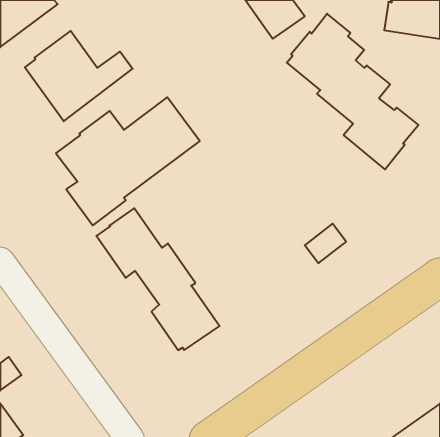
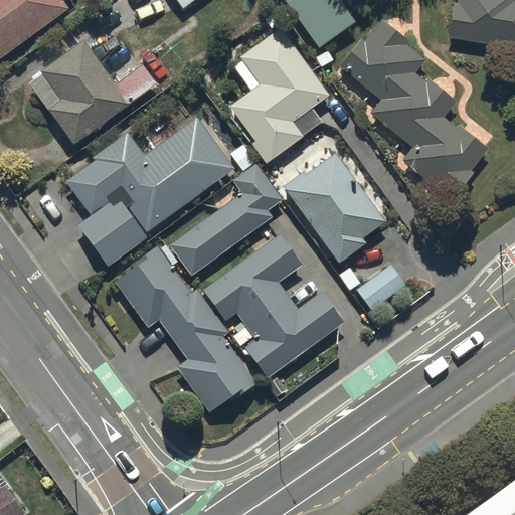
building: none -> [228,27,330,163]
building: none -> [283,153,385,263]
building: none -> [169,164,282,276]
building: none -> [202,233,344,378]

